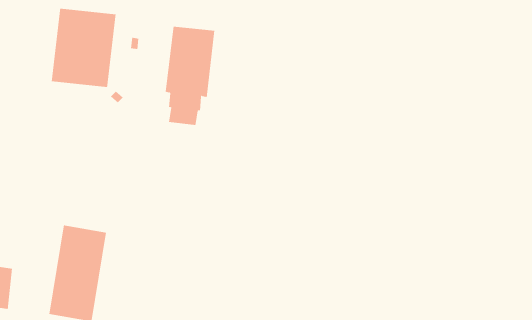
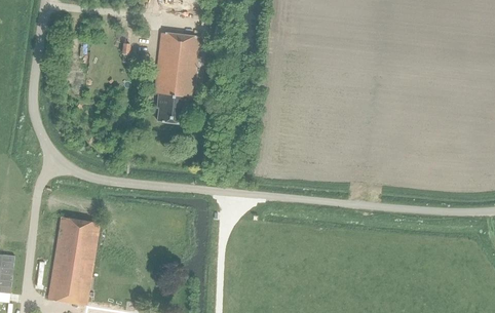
building: [51,8,116,88] -> none

